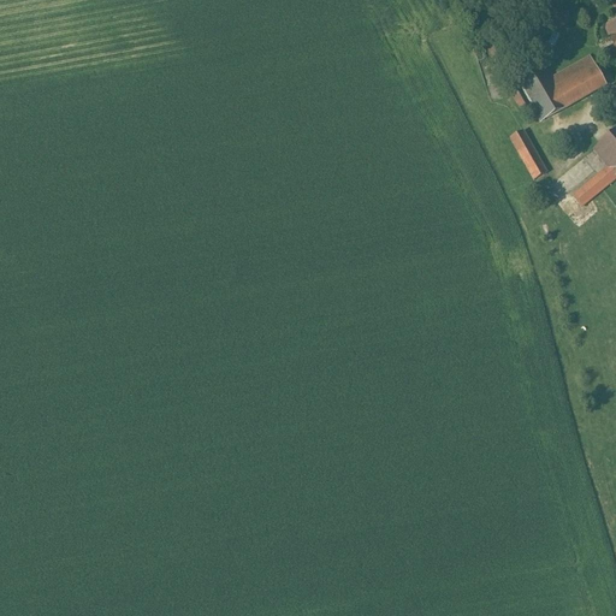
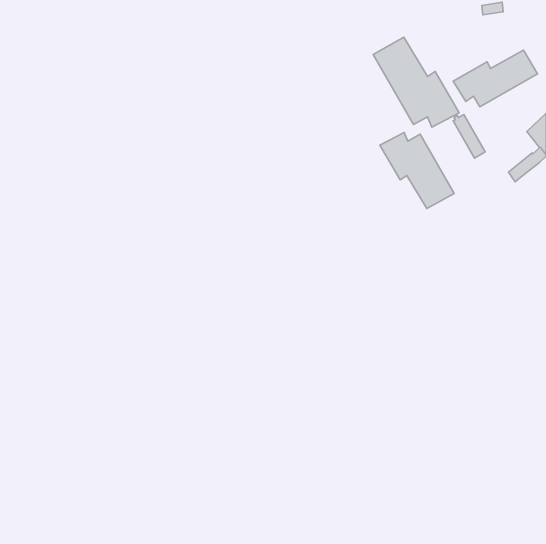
building: none -> [373,37,459,127]
building: none -> [380,132,454,209]

